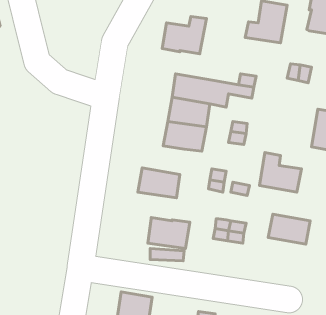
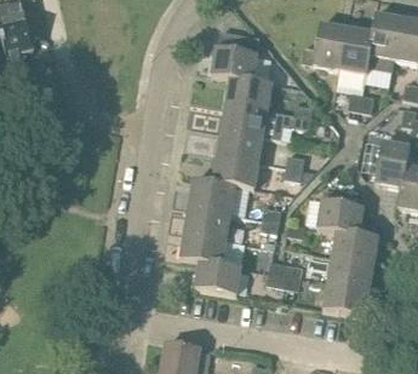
building: none -> [340,27,374,73]
building: none -> [225,76,271,109]
building: none -> [189,178,254,212]
building: none -> [316,224,378,263]
building: none -> [181,231,227,263]
building: none -> [323,281,368,315]

